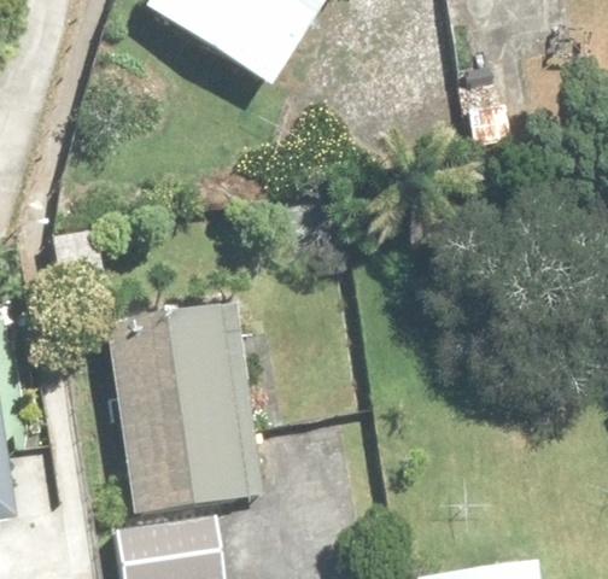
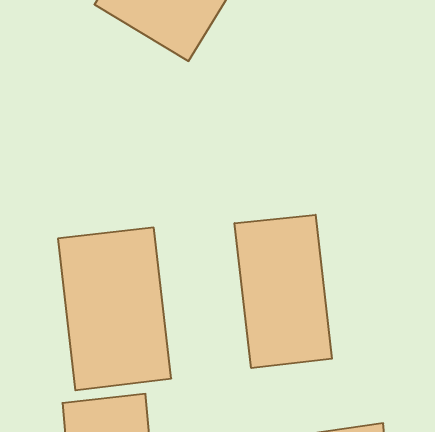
building: none -> [235,215,332,368]

